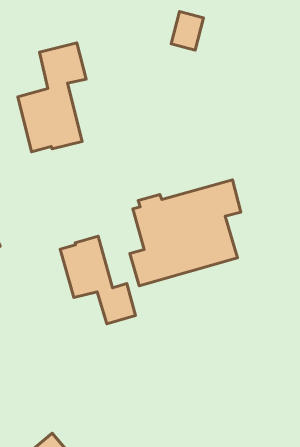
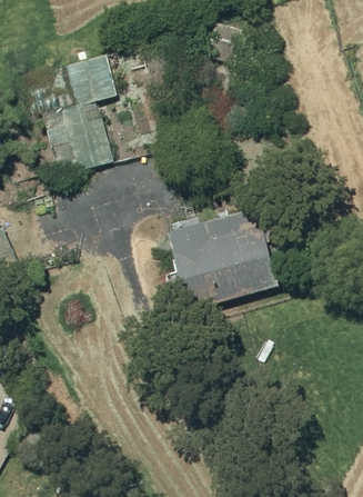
building: [60,236,135,324] -> none

